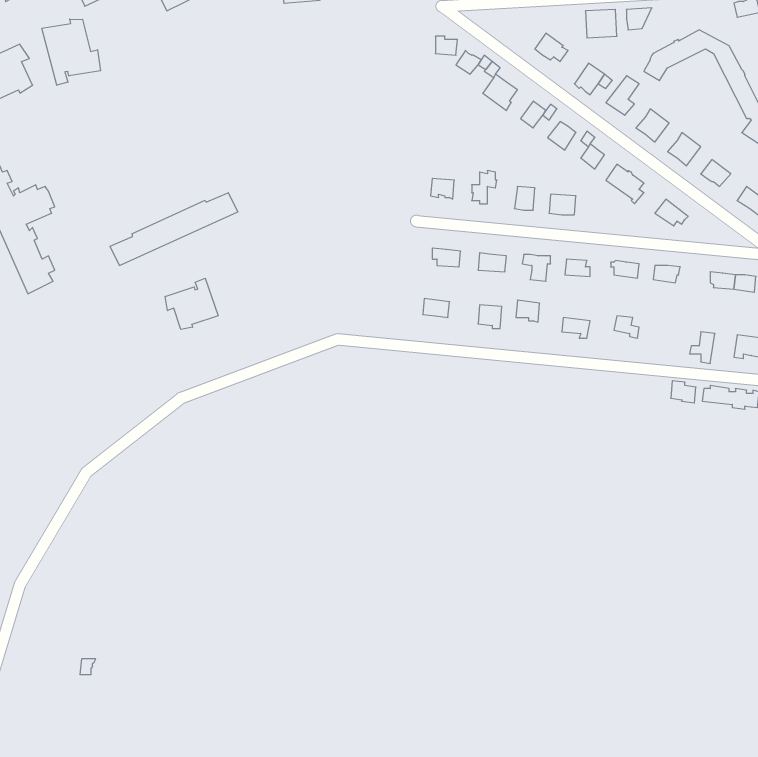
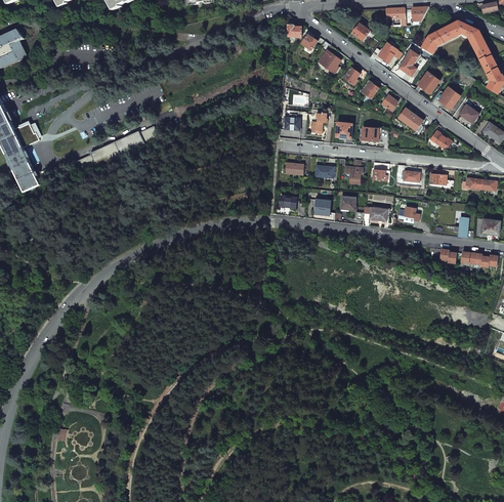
building: [42,19,101,85] -> none
building: [165,278,218,329] -> none

